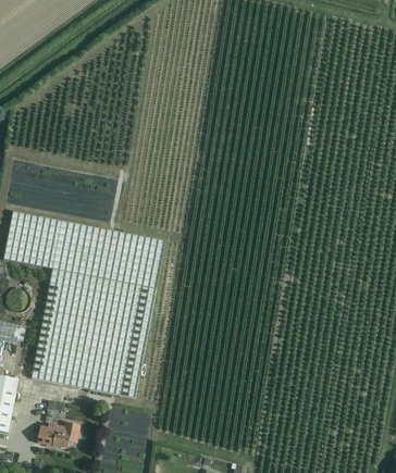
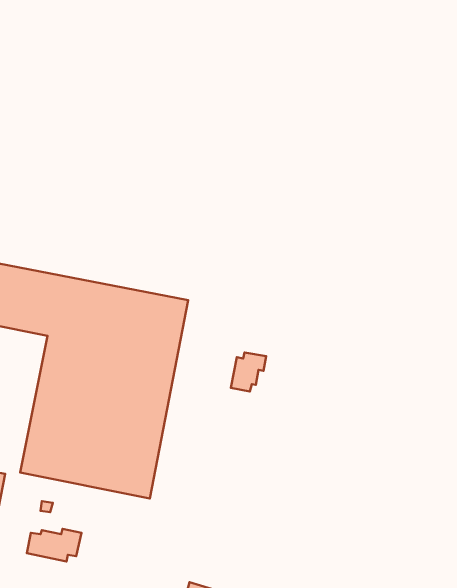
building: none -> [231,352,266,391]

